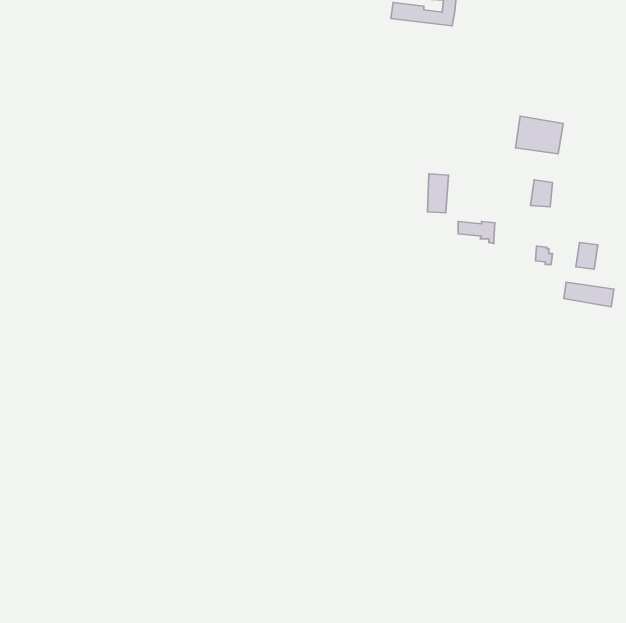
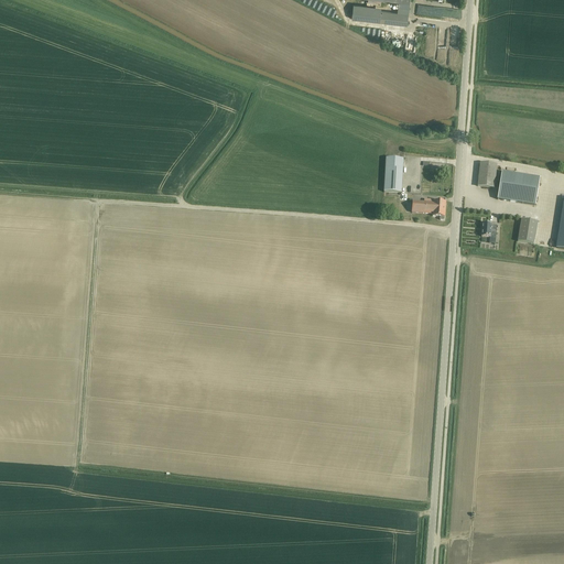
building: [515,116,563,154] -> [497,170,540,204]
building: [564,282,614,307] -> none

